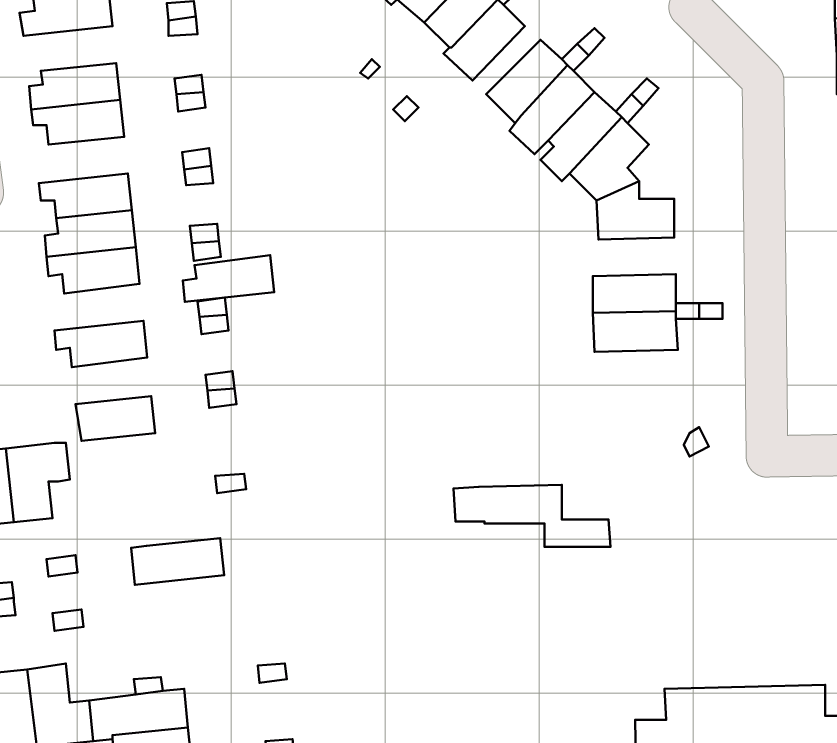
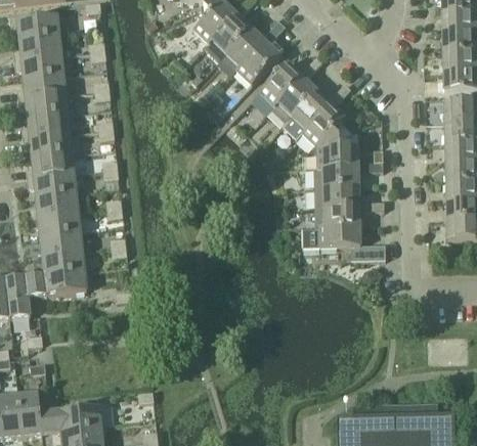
building: none -> [14,56,63,80]
building: none -> [21,115,70,139]
building: none -> [314,168,359,188]
building: [183,255,274,302] -> [30,192,78,217]
building: none -> [40,231,82,256]
building: [454,485,610,547] -> [303,227,386,260]
building: [131,538,224,585] -> [37,271,86,296]

